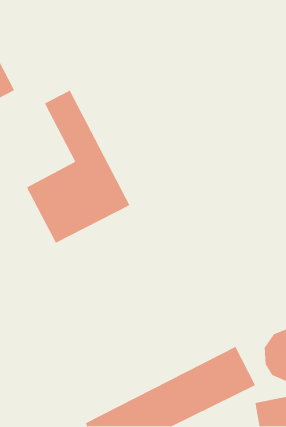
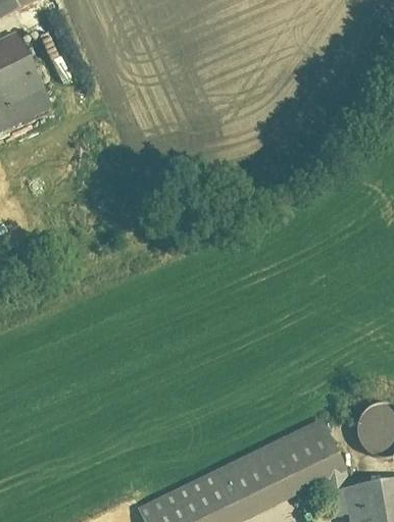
building: [26,89,130,244] -> none

